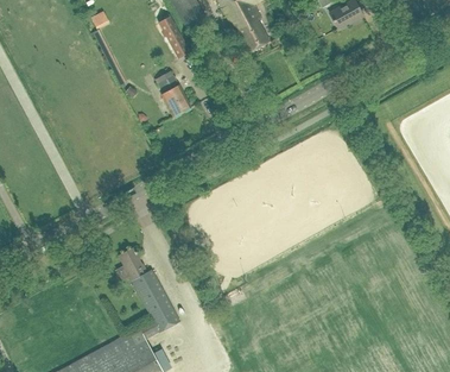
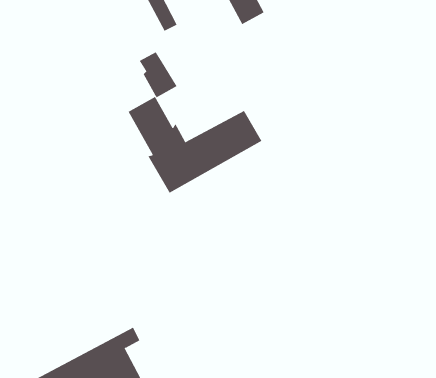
building: none -> [128,96,262,193]
building: [116,247,179,333] -> none

